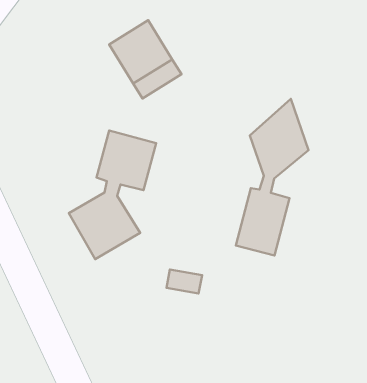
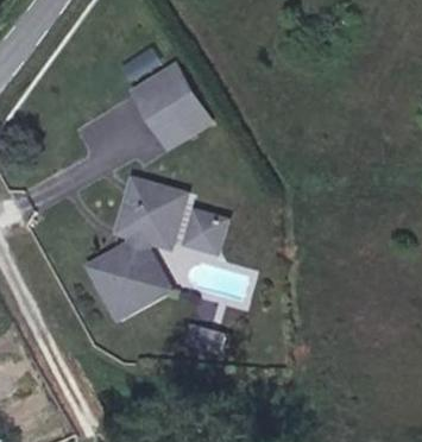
building: [236,99,308,256] -> none
building: none -> [182,204,221,245]

